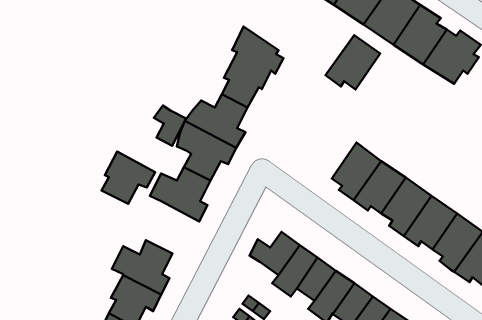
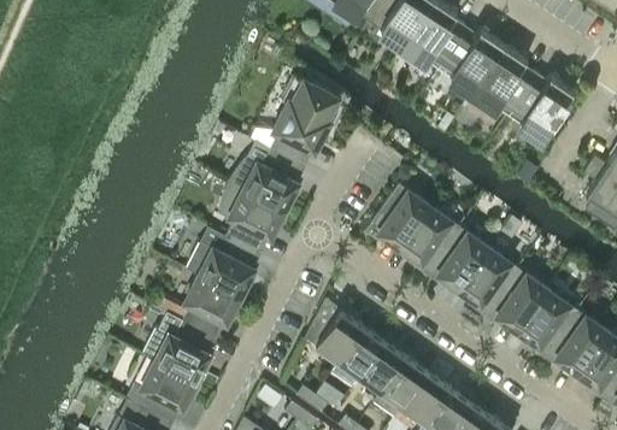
building: [326,35,380,89] -> [365,184,429,248]
building: [154,106,186,146] -> none
building: [102,152,155,204] -> [182,275,245,336]

